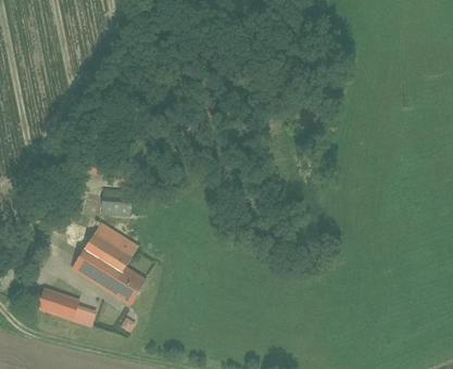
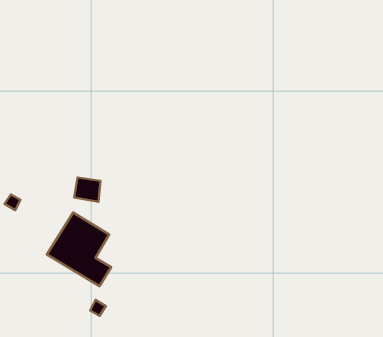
building: [34,288,96,325] -> none

